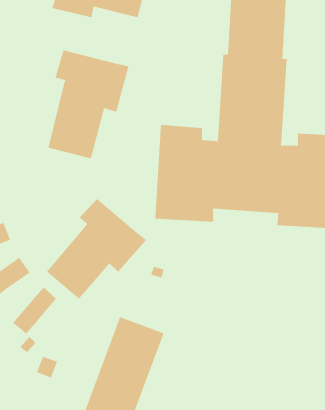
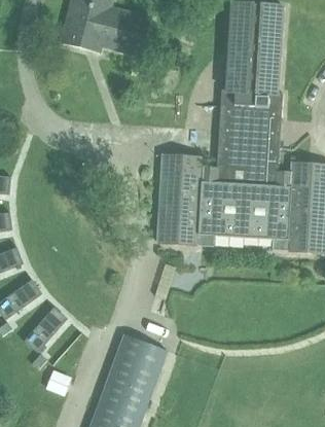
building: [48,49,129,159] -> none
building: [46,198,147,300] -> none

